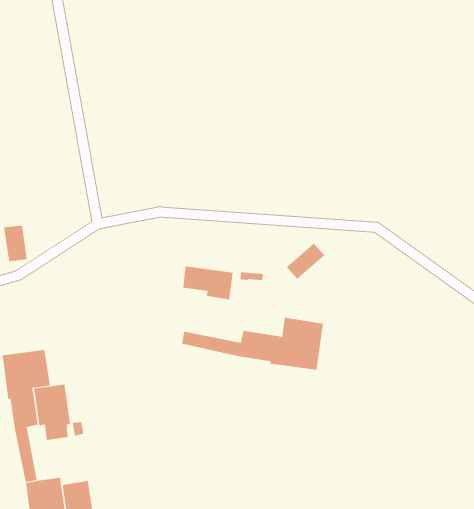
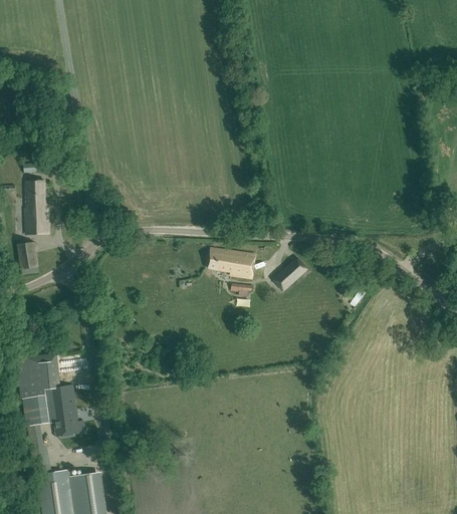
building: none -> [25,180,49,234]
building: [182,266,234,300] -> [209,248,255,279]
building: [181,317,323,370] -> none

